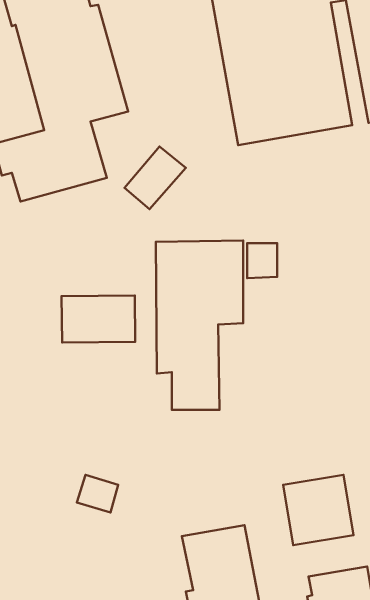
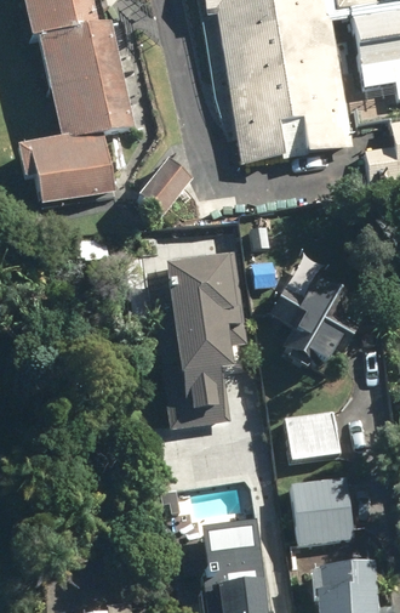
building: none -> [275,249,353,380]
building: [62,295,135,343] -> none
building: none -> [286,410,342,461]

